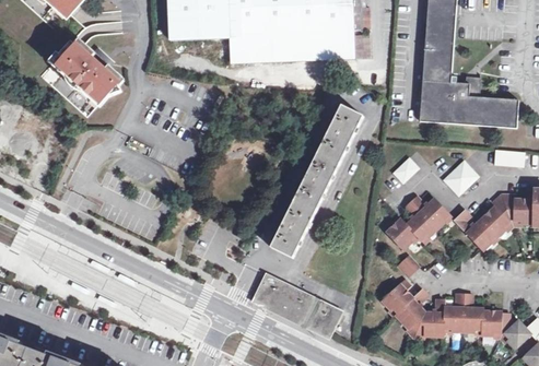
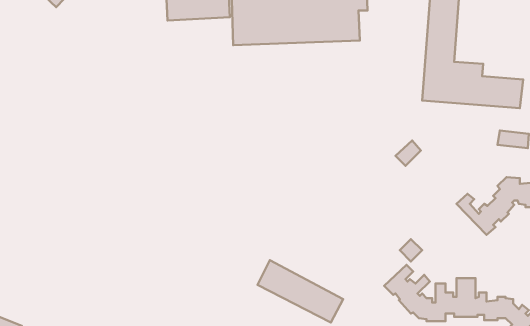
building: [43,33,125,114] -> none
building: [270,106,363,257] -> none
building: [442,161,478,197] -> none
building: [388,197,447,249] -> none

